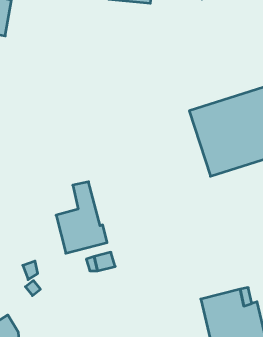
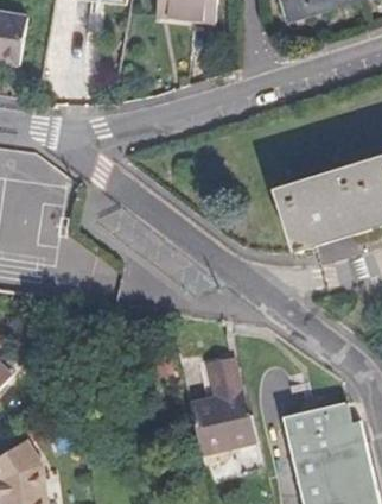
building: [56,182,107,253] -> [189,359,257,455]

